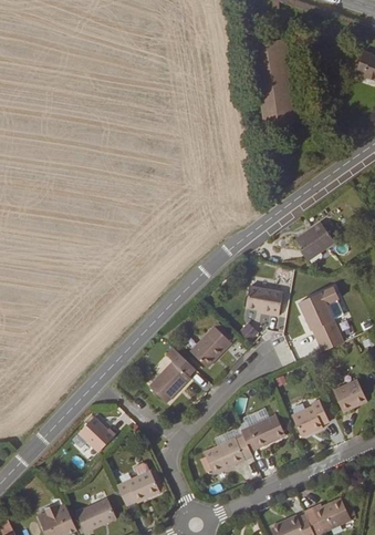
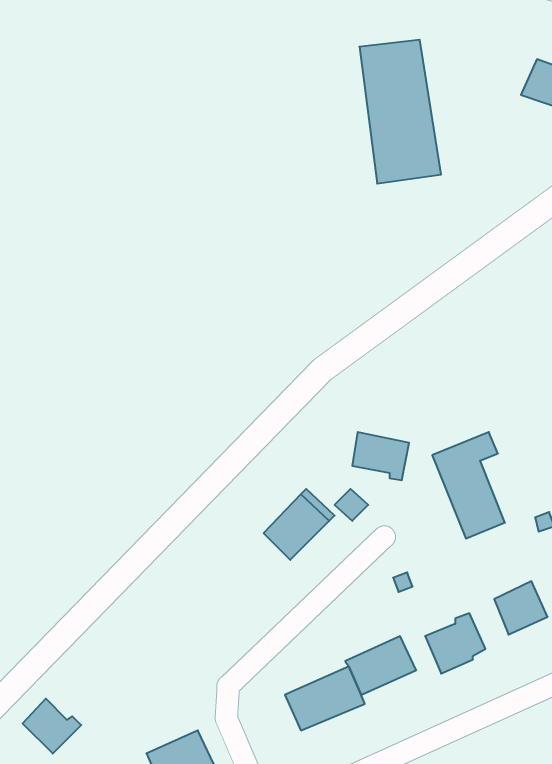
building: [292,220,334,258] -> none
building: [149,348,197,401] -> none
building: [81,416,117,451] -> [23,699,81,754]

